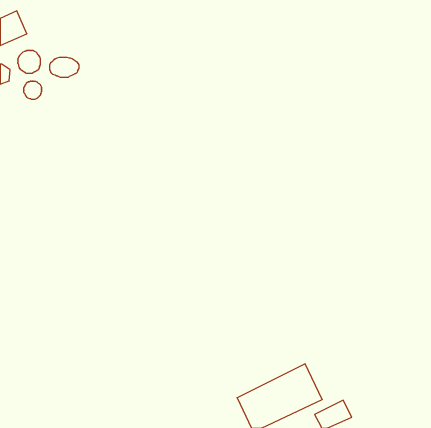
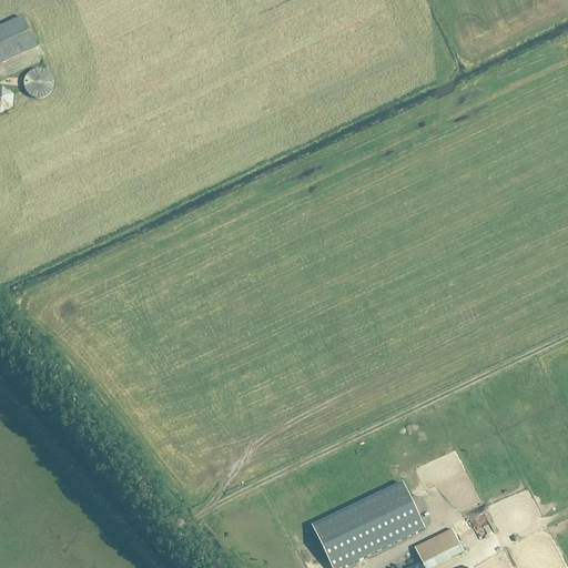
building: [50,57,79,77] -> none
building: [24,81,41,99] -> none

